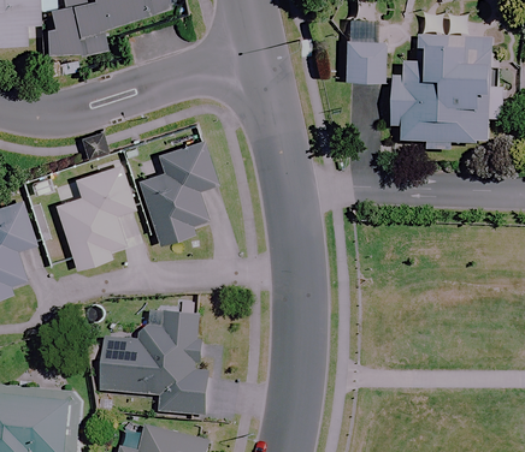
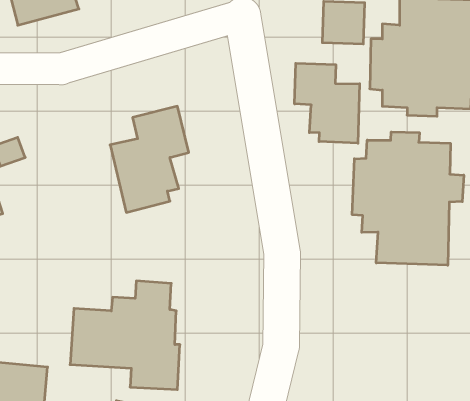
building: none -> [295,63,360,143]
building: [54,163,134,268] -> none
building: none -> [352,132,464,265]

